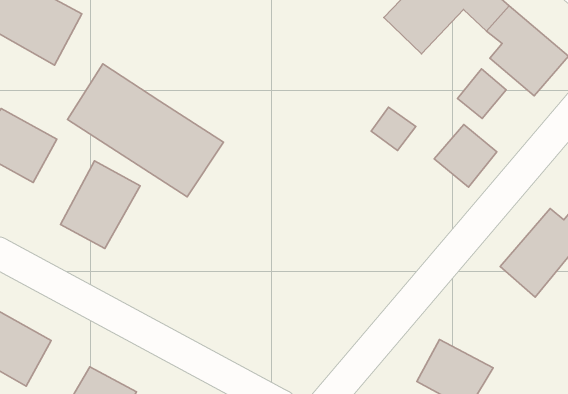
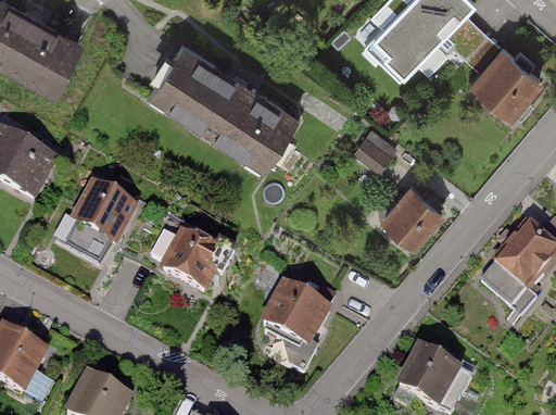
building: [68,64,224,197] -> [148,43,296,171]
building: [458,69,506,118] -> none
building: [434,125,497,187] -> [382,188,442,248]
building: none -> [164,234,225,292]
building: none -> [261,274,334,373]

